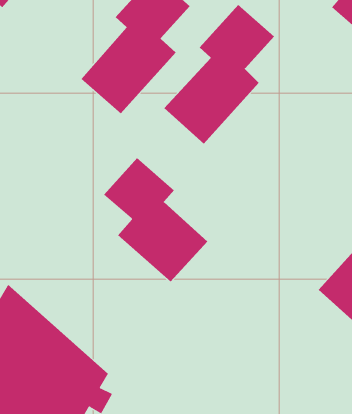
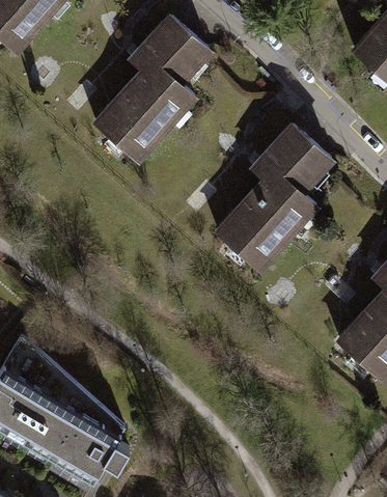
building: [164,4,275,145] -> [216,125,330,269]
building: [103,157,208,283] -> none

